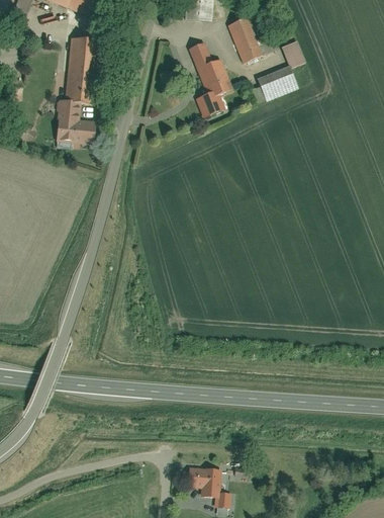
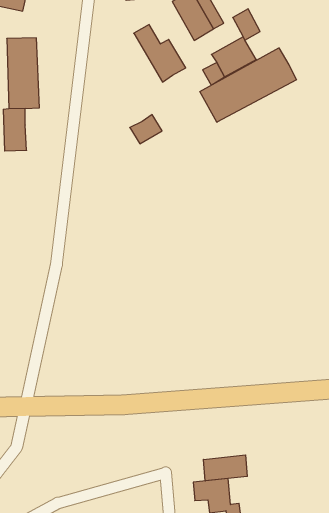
building: none -> [200,48,296,122]
building: [196,91,225,116] -> [130,115,162,144]
building: [75,118,94,143] -> none
building: none -> [203,455,247,481]

